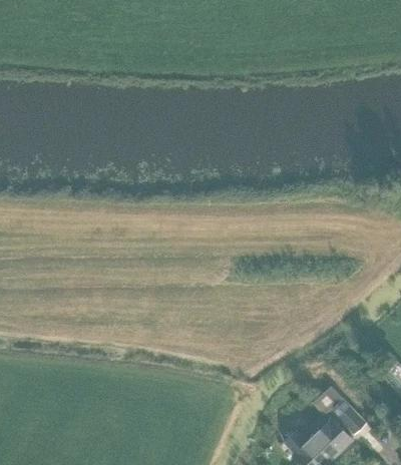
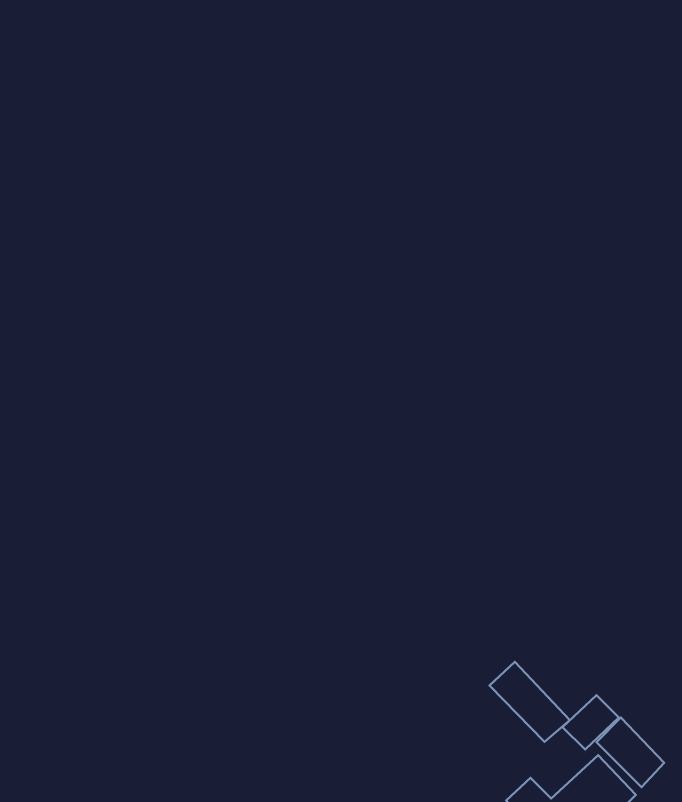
building: none -> [490,662,570,742]

